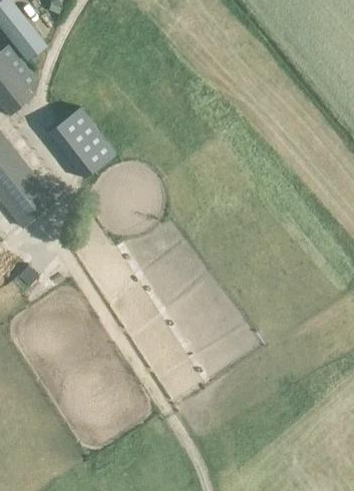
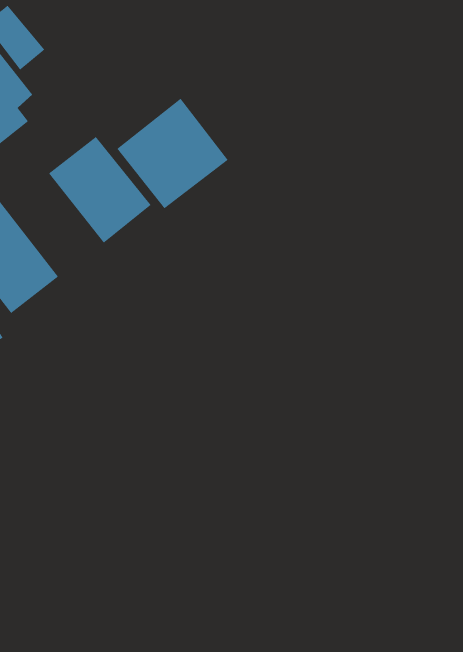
building: none -> [116,98,229,209]

